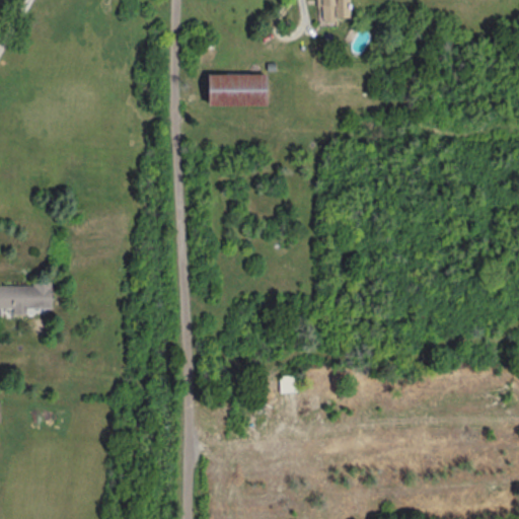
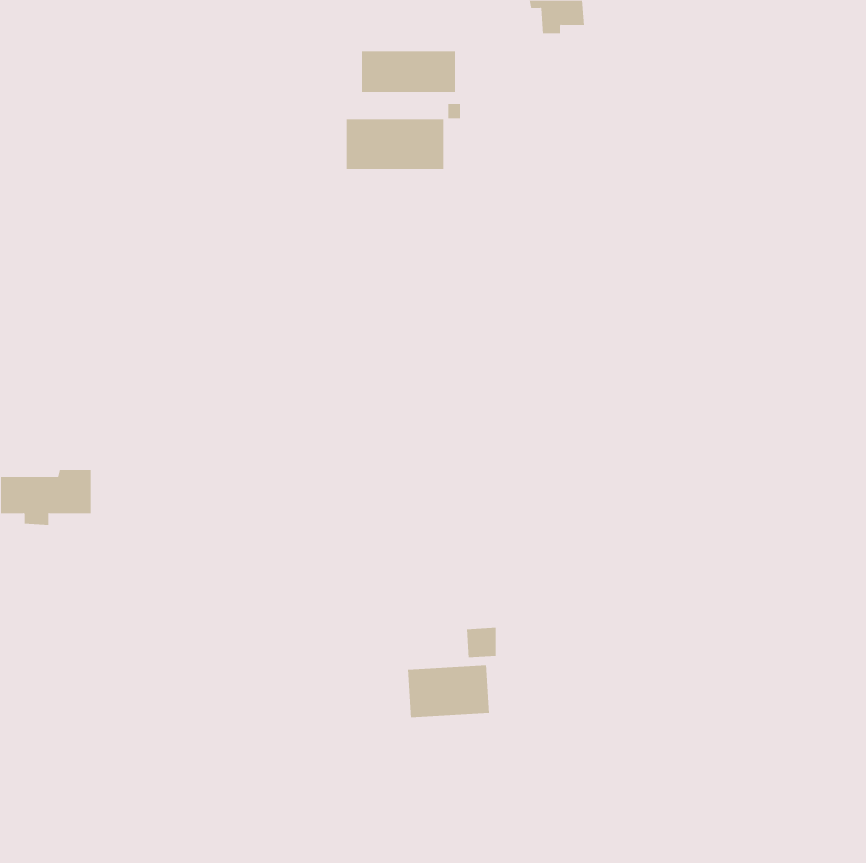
building: none -> [361,51,455,93]
building: none -> [408,665,489,718]

